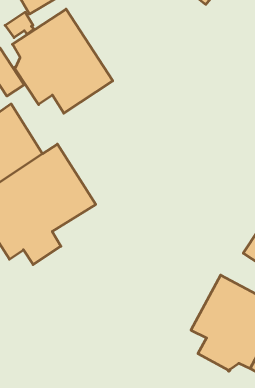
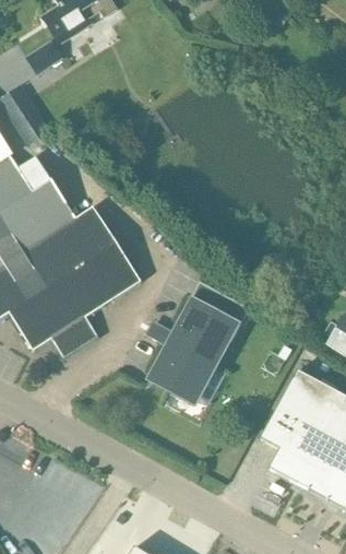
building: [12,9,113,113] -> none
building: none -> [152,280,249,394]

